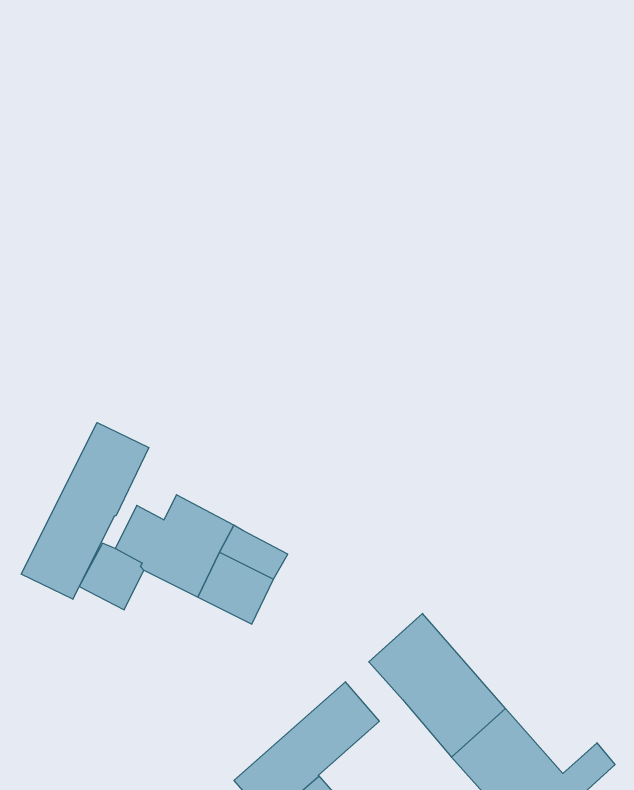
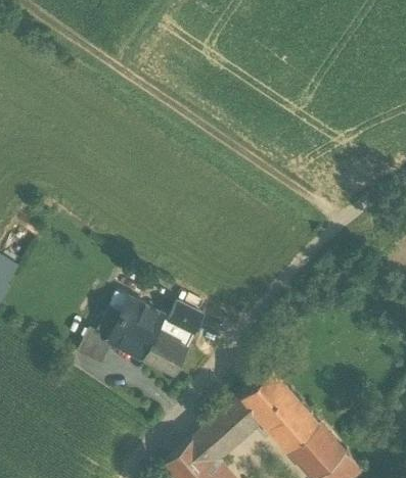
building: [21,423,149,599] -> none
building: none -> [169,304,202,334]
building: none -> [227,395,260,429]

